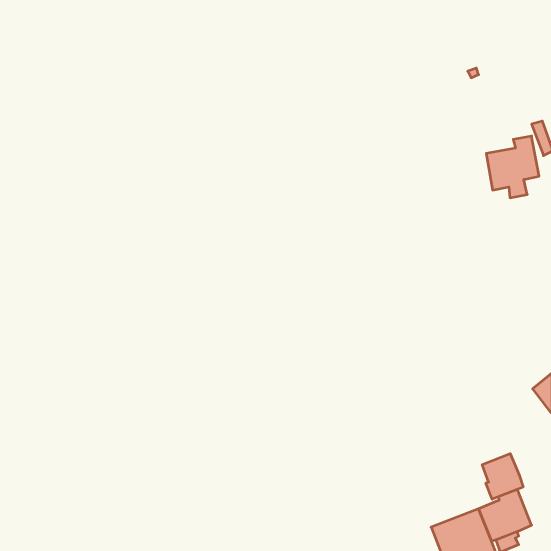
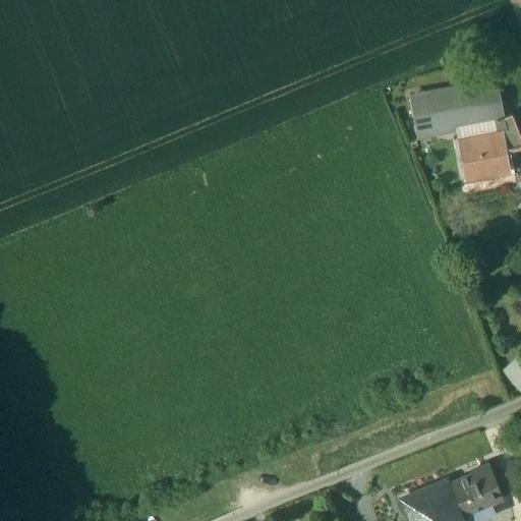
building: none -> [412,83,499,131]
building: [482,454,523,499] -> none

